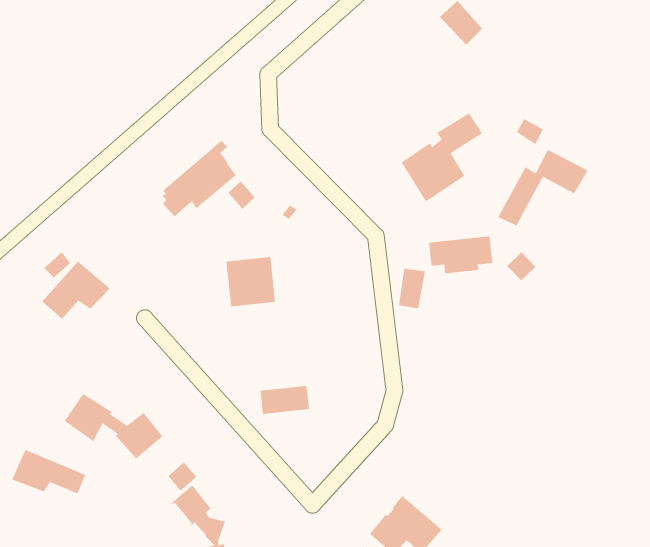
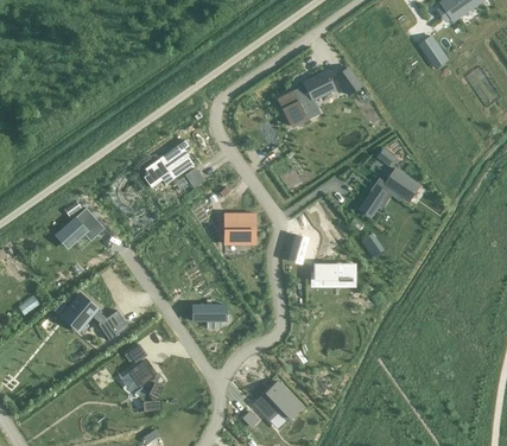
building: [401,113,483,202] -> [278,72,332,127]
building: [428,236,493,274] -> [315,265,355,286]
building: [225,256,276,307] -> [224,214,254,243]
building: [12,449,86,494] -> none

